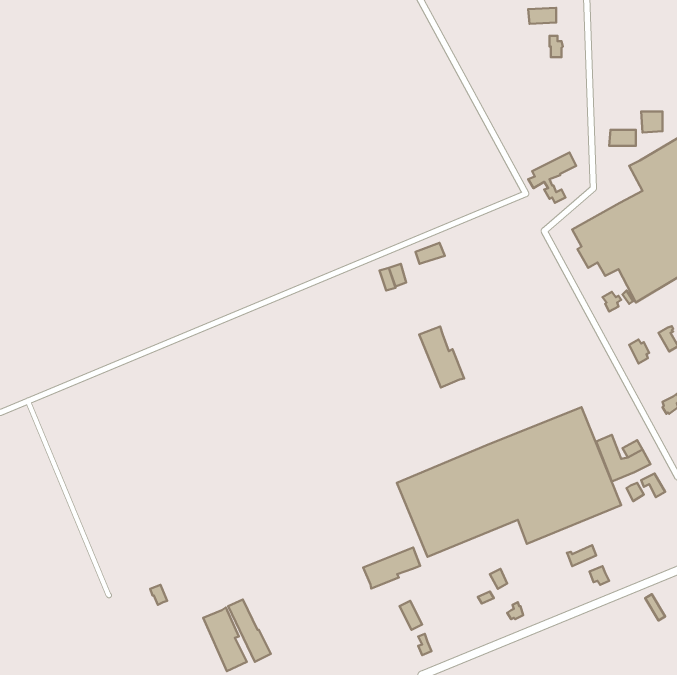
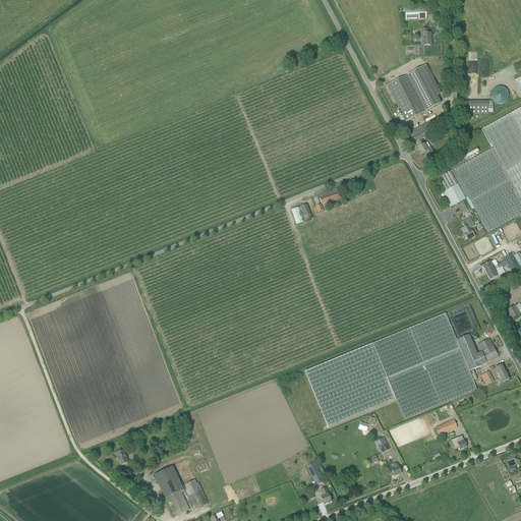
building: none -> [388,64,442,120]
building: [419,327,464,388] -> none
building: [363,547,420,589] -> none

